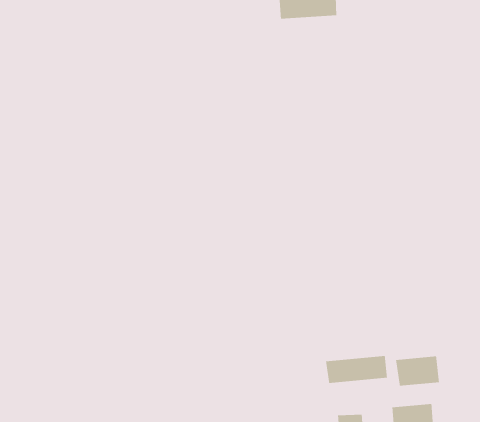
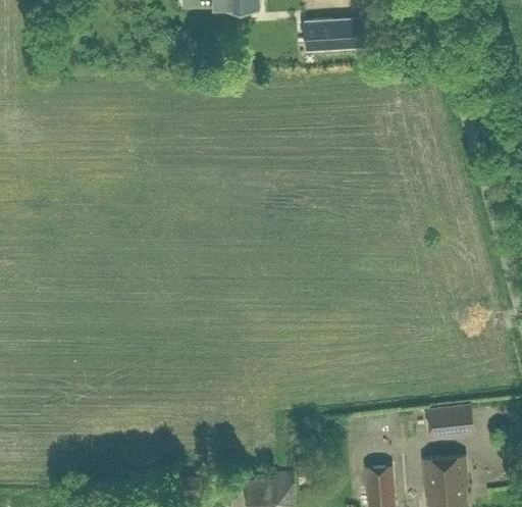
building: [325,355,388,384] -> none

